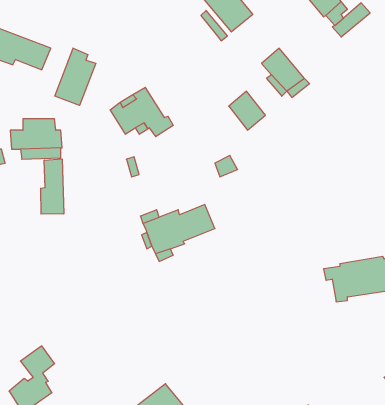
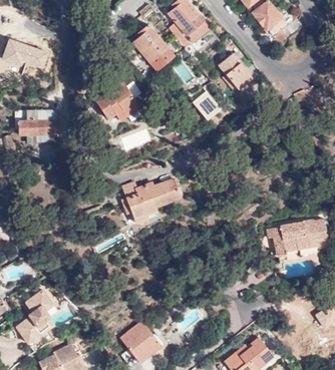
building: none -> [133,23,170,62]
building: [55,48,96,105] -> none
building: [41,159,64,214] -> none

